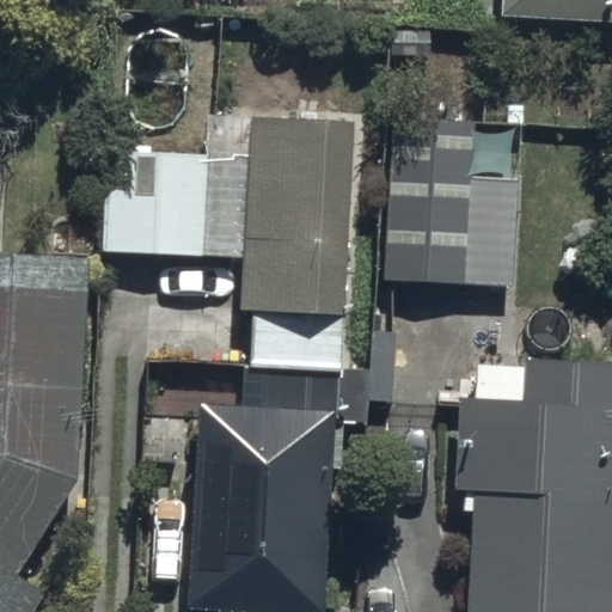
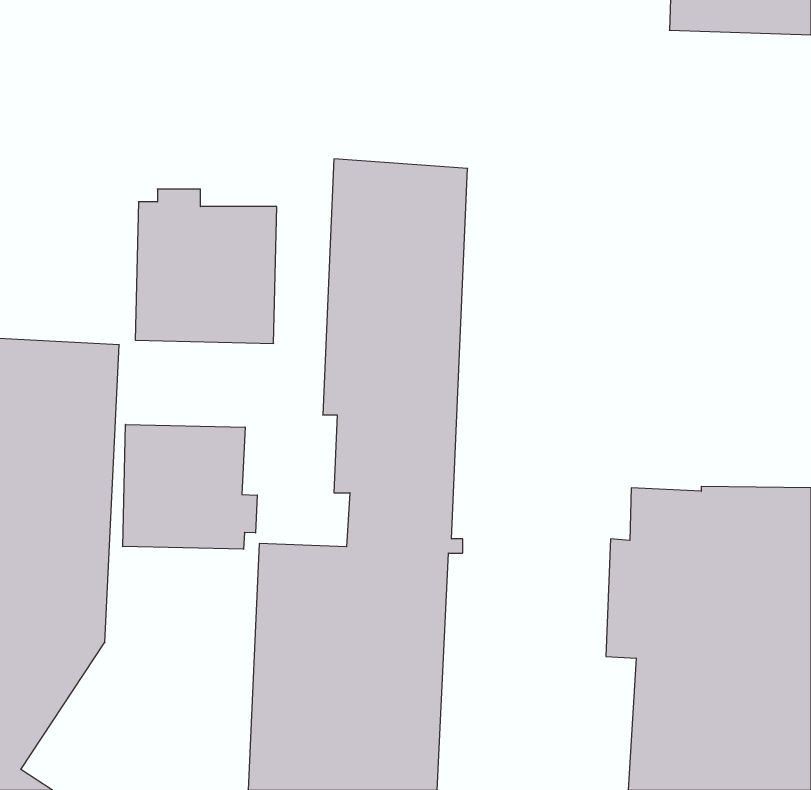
building: [386,120,514,281] -> none
building: none -> [123,424,257,549]

